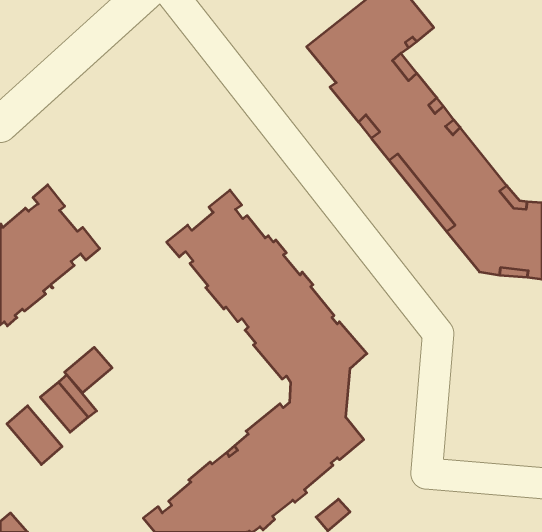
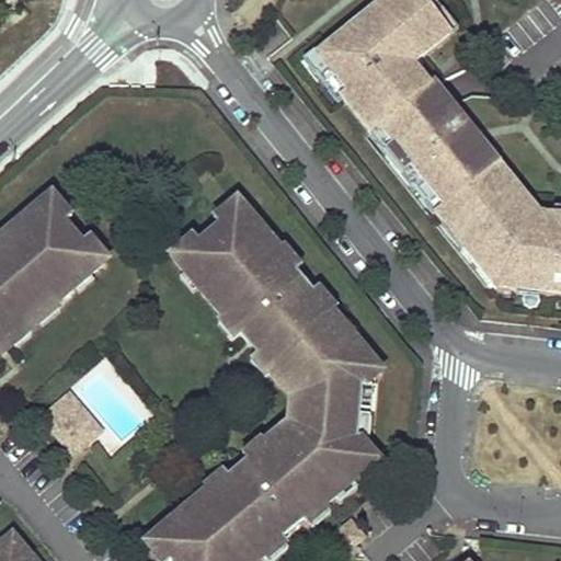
building: [65,347,112,393] -> none
building: [7,406,62,465] -> none

